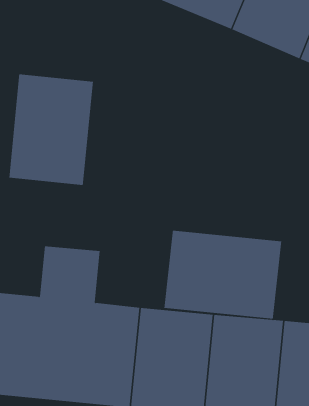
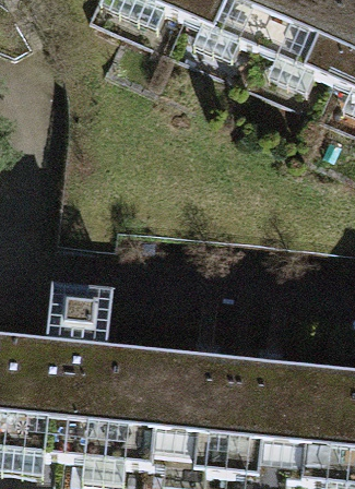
building: [9,73,93,186] -> none
building: [164,230,282,320] -> none

